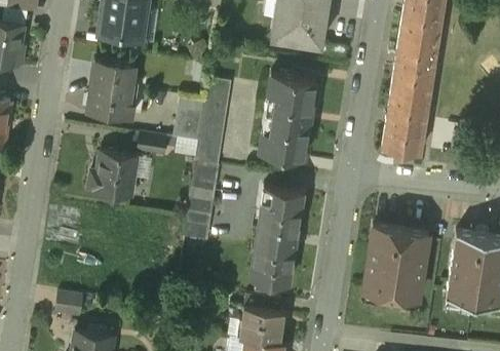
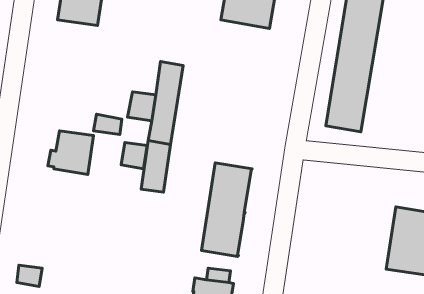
building: [87,62,136,120] -> none
building: [259,76,316,161] -> none
building: [183,216,210,243] -> [121,142,147,169]
building: [363,229,428,302] -> none

